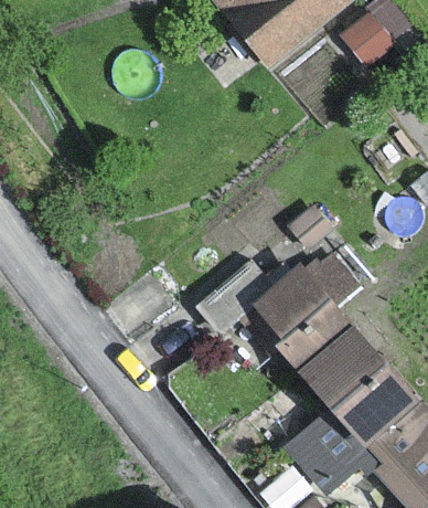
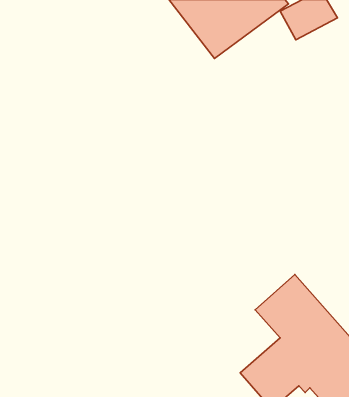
building: [243,266,347,361] -> none

